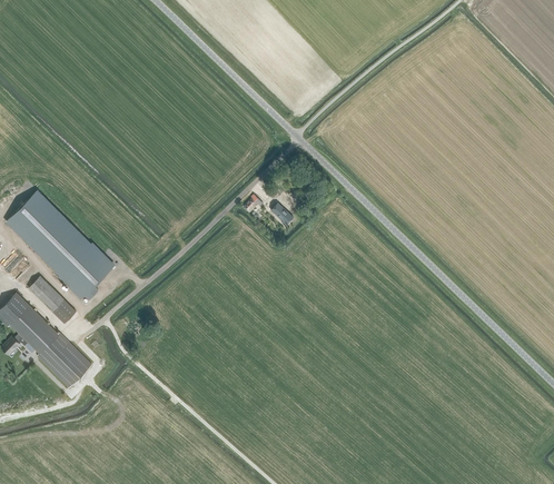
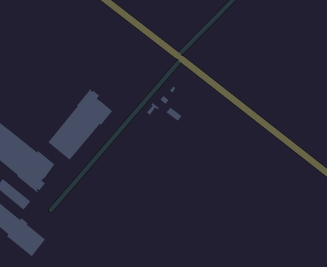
building: none -> [48,89,113,161]

